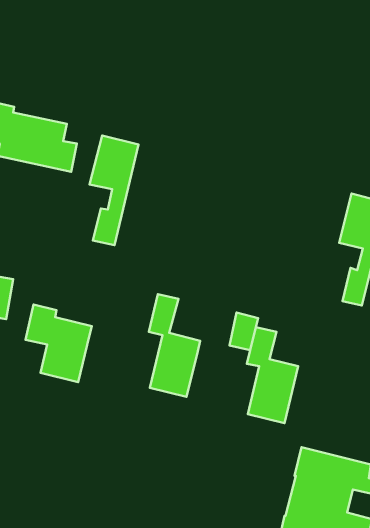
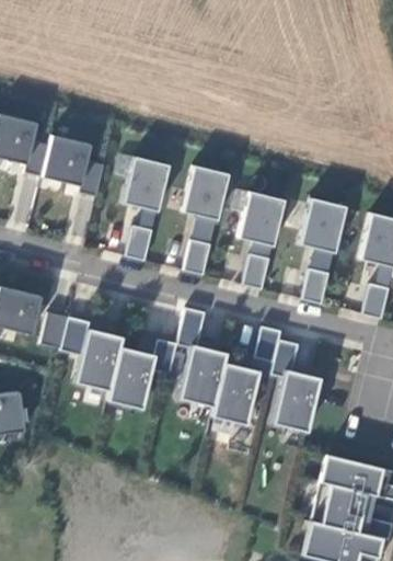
building: none -> [181,164,228,275]
building: none -> [238,191,284,289]
building: none -> [300,197,345,304]
building: none -> [107,340,177,410]
building: none -> [211,363,259,425]

